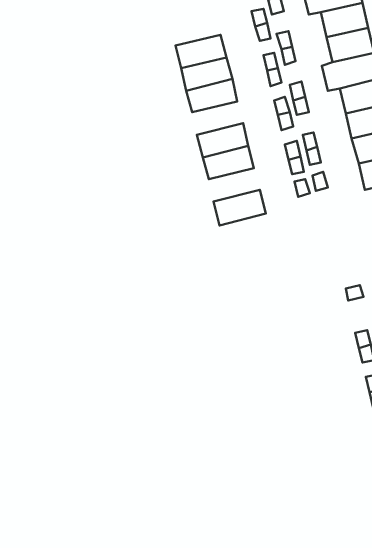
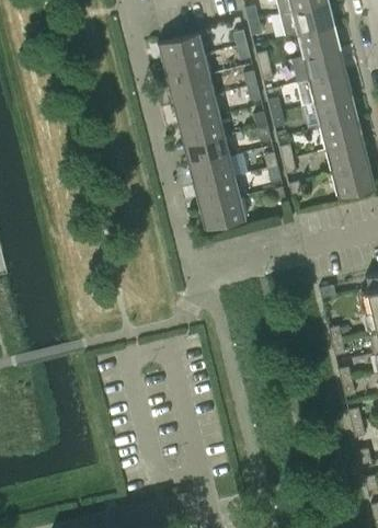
building: none -> [158,33,205,65]
building: none -> [179,116,226,147]
building: none -> [194,177,241,208]

